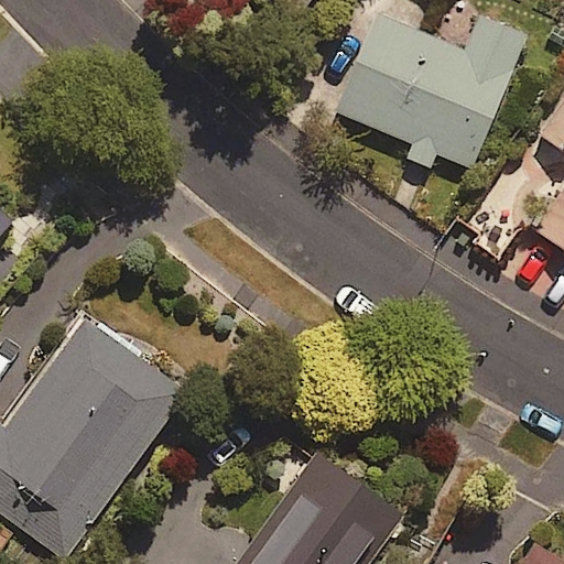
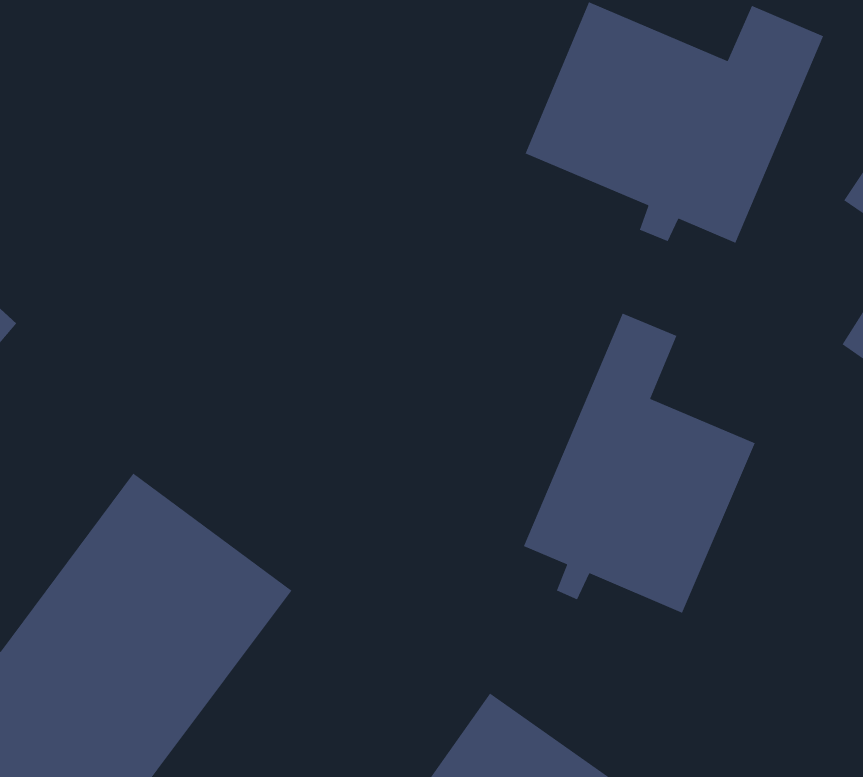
building: none -> [523,312,756,614]

